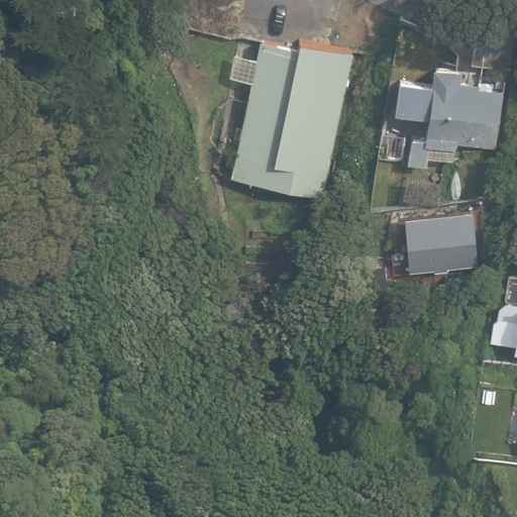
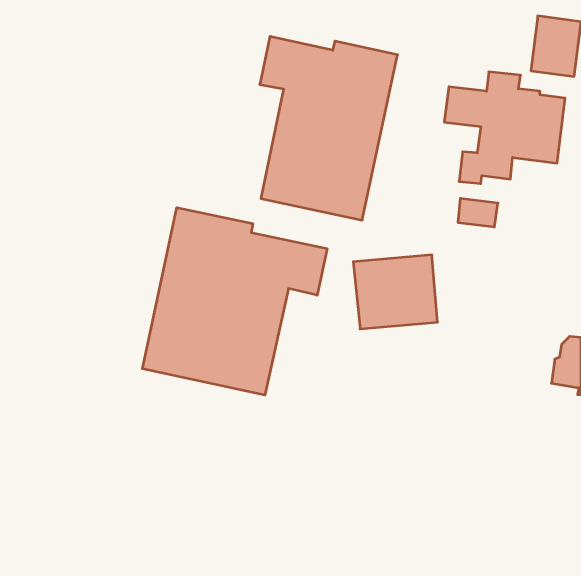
building: none -> [142,208,327,395]
building: [403,210,478,276] -> [353,255,438,329]

